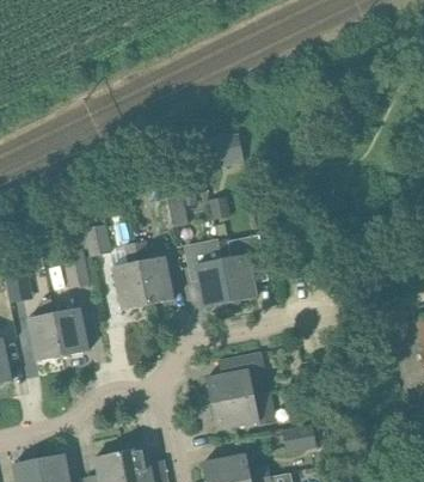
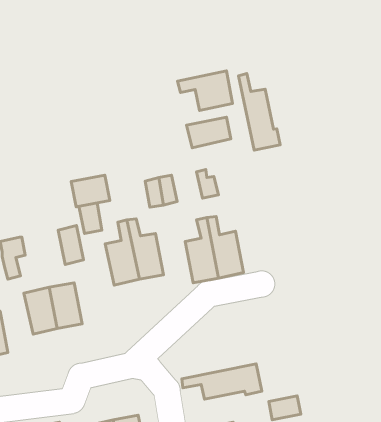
building: none -> [178,71,233,110]
building: none -> [239,73,280,150]
building: none -> [71,175,110,207]
building: [190,352,270,408] -> none

